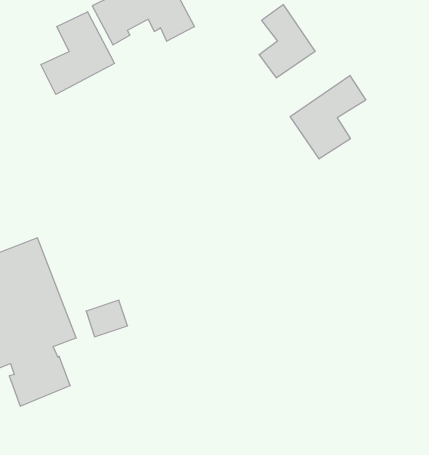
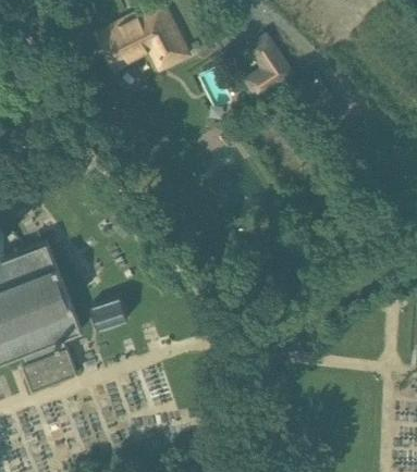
building: [41,12,114,94] -> none
building: [290,75,366,159] -> none

